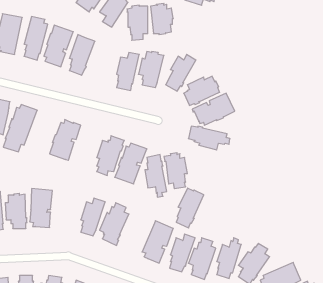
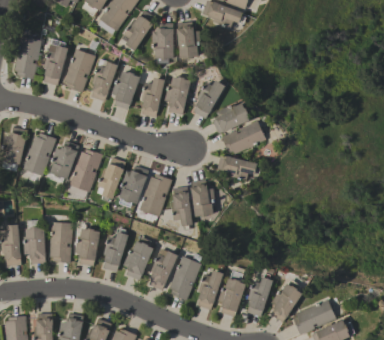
building: none -> [111,70,140,109]
building: none -> [51,140,79,178]
building: none -> [98,157,126,198]
building: [176,188,204,228] -> [149,248,178,290]
building: none -> [74,228,100,265]

